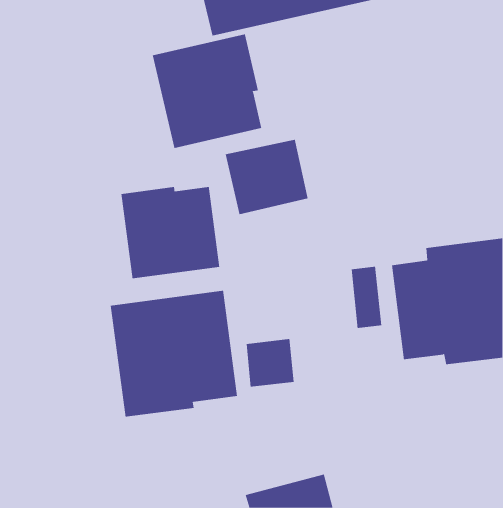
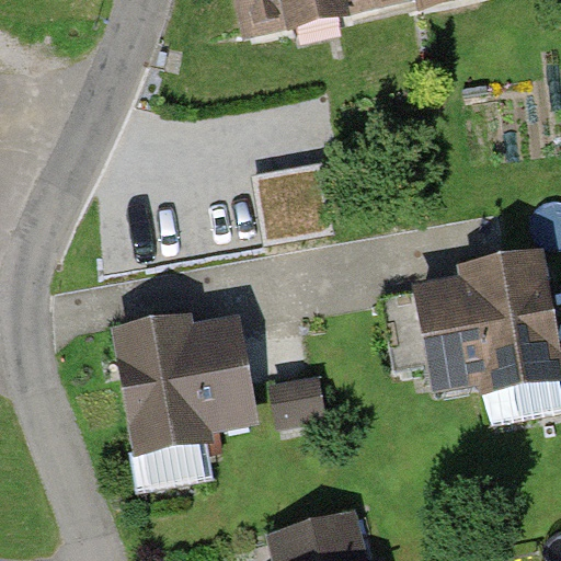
building: [152,33,262,149] -> none
building: [121,186,220,279] -> none

